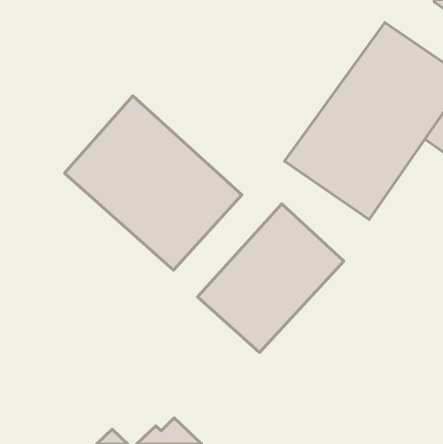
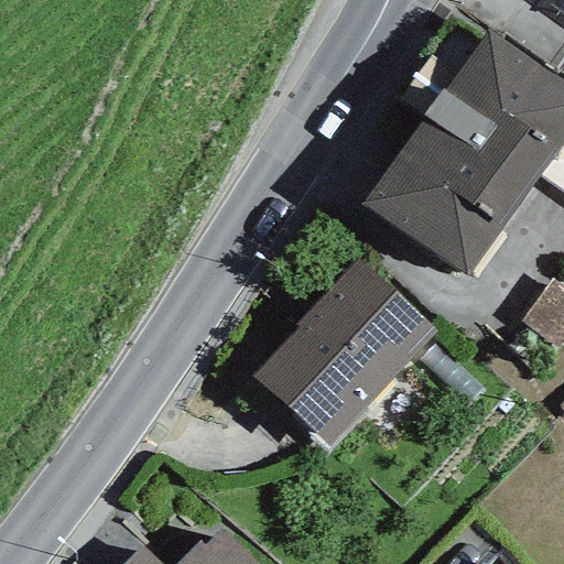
building: [64,96,242,270] -> none

